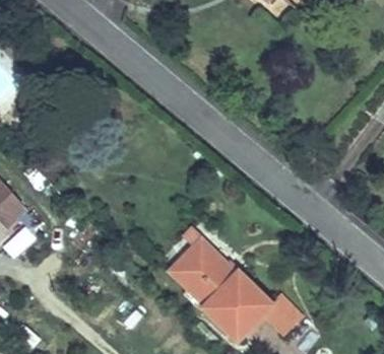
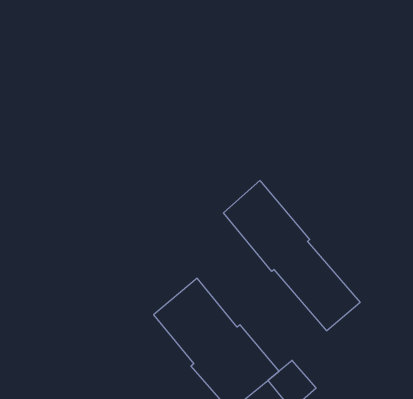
building: none -> [223,181,360,331]

